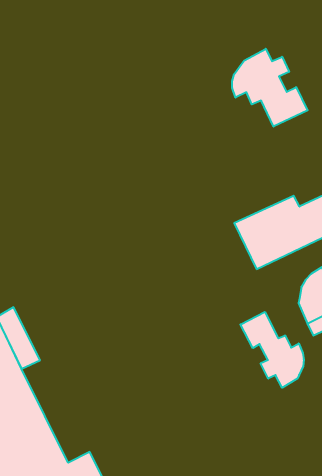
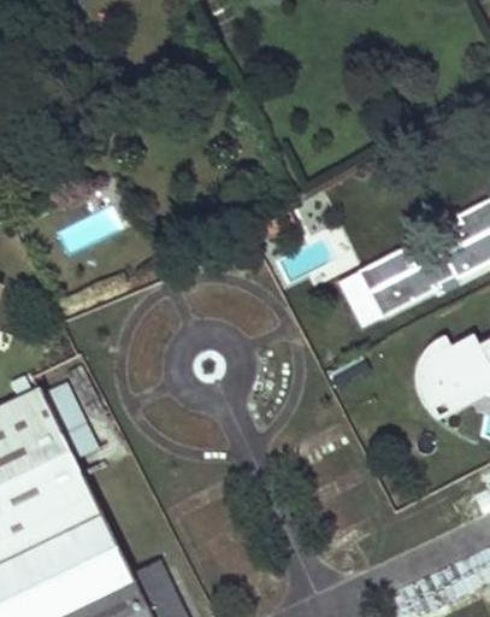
building: [232,49,308,127] -> none
building: [240,312,304,388] -> none

